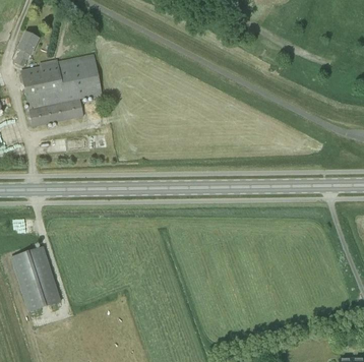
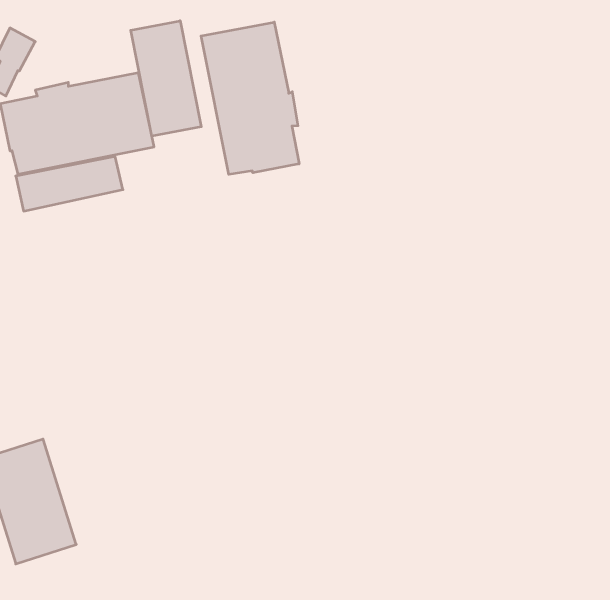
building: none -> [131,21,201,136]
building: none -> [201,22,299,174]

